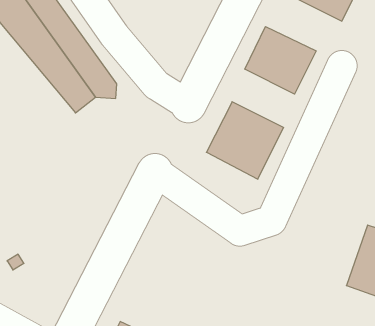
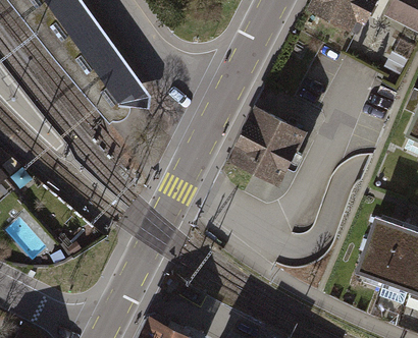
building: [245,27,316,94] -> none

